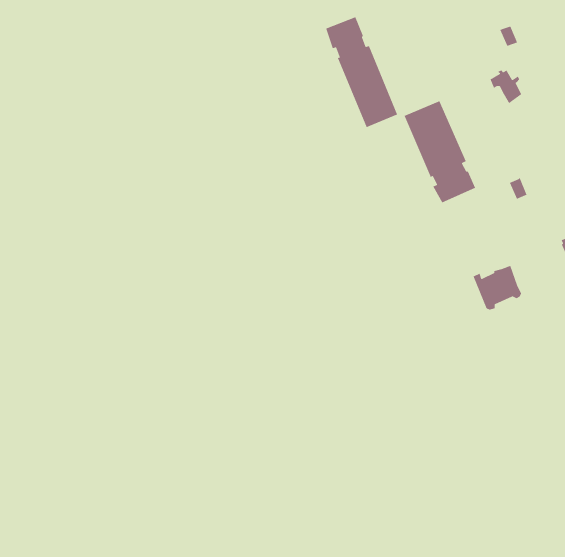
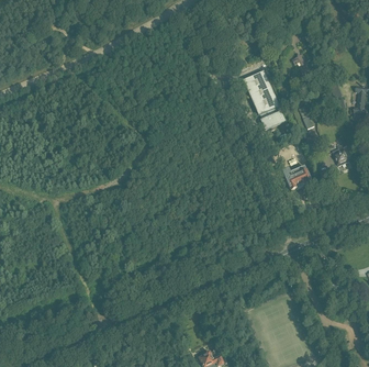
building: [325,16,398,128] -> none

